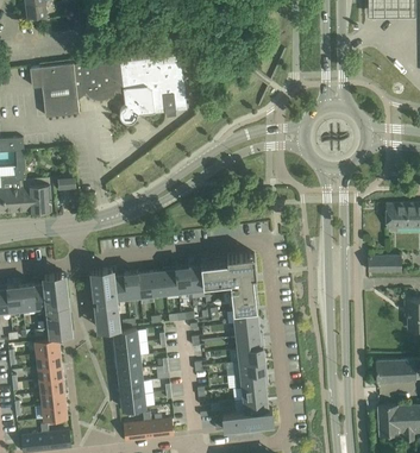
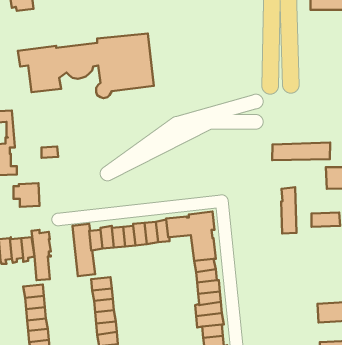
building: none -> [272,143,330,160]
building: [20,184,50,212] -> [14,183,39,207]
building: none -> [281,187,297,233]

